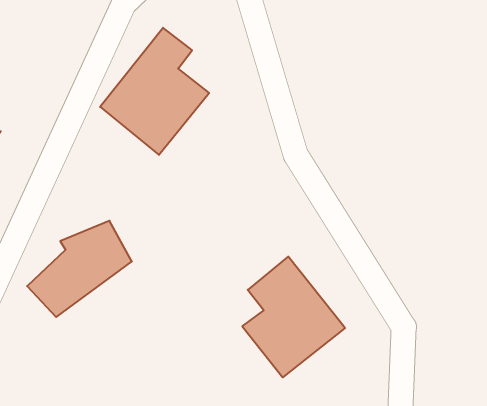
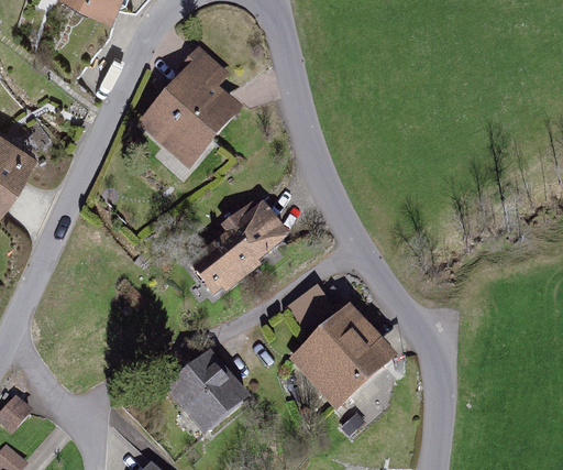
building: [27,221,132,317] -> [185,199,292,298]
building: none -> [168,354,244,431]

